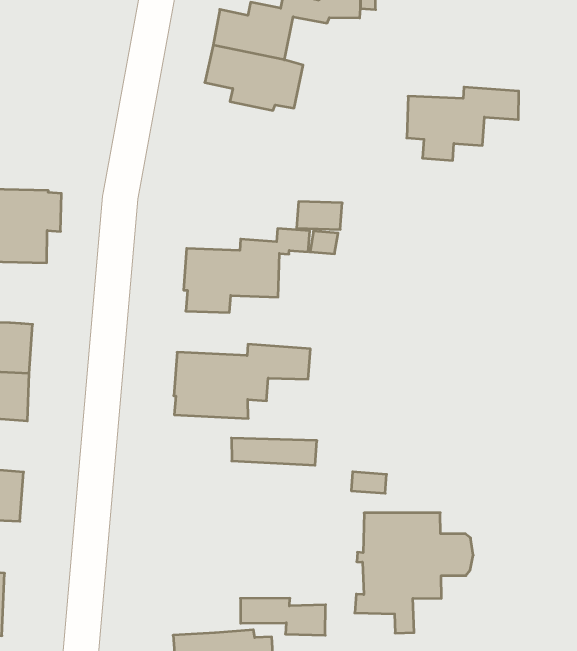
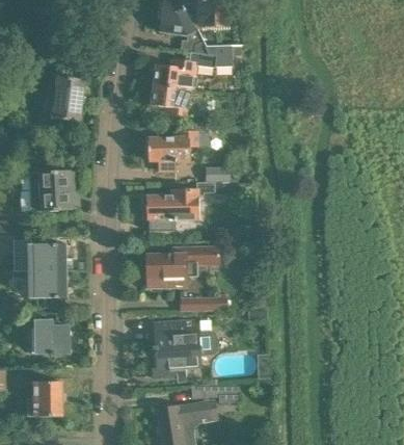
building: none -> [51,77,83,121]
building: [407,87,519,160] -> [146,130,208,171]
building: [355,513,473,633] -> [152,319,215,387]

